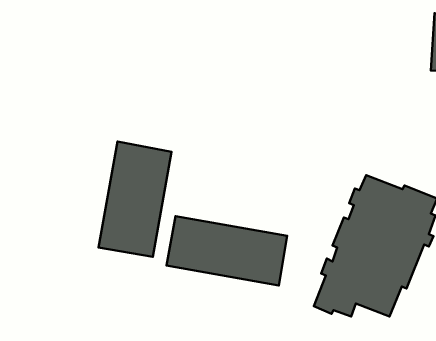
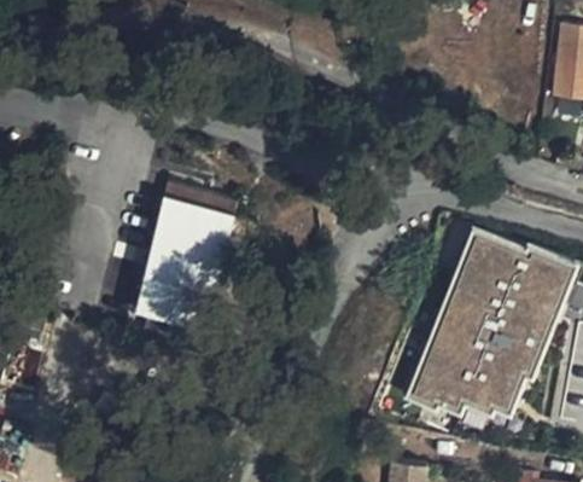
building: [166,216,287,286] -> none

